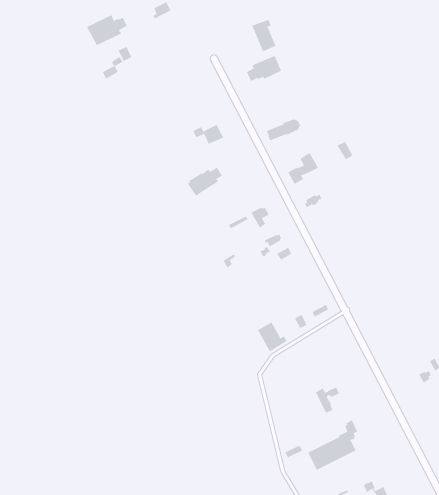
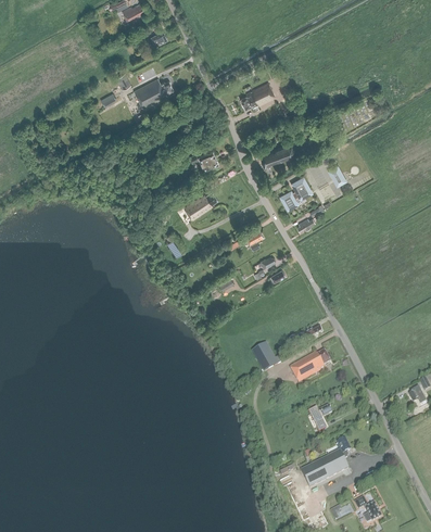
building: [86,15,128,46] -> [132,78,173,109]
building: [251,19,276,52] -> none
building: none -> [289,351,329,382]

